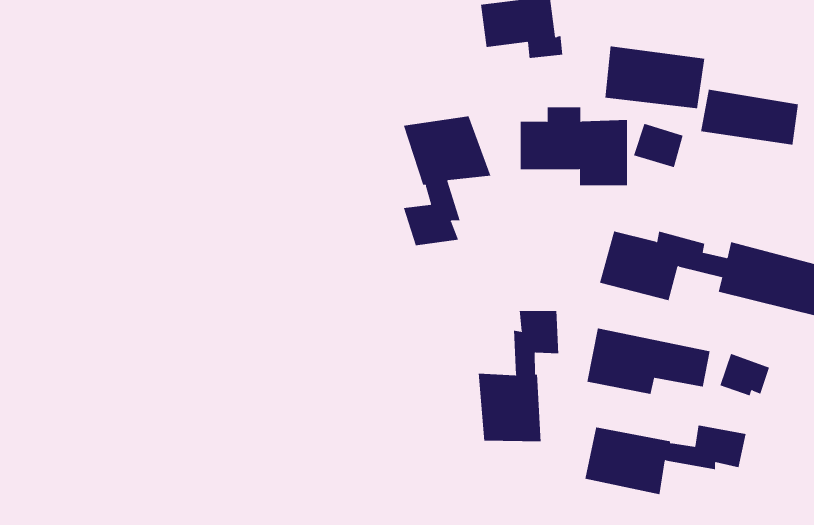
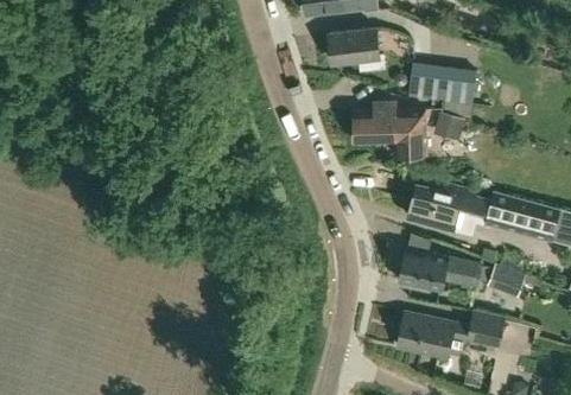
building: [701,89,799,146] -> none
building: [403,116,491,246] -> none
building: [478,310,559,442] -> none

